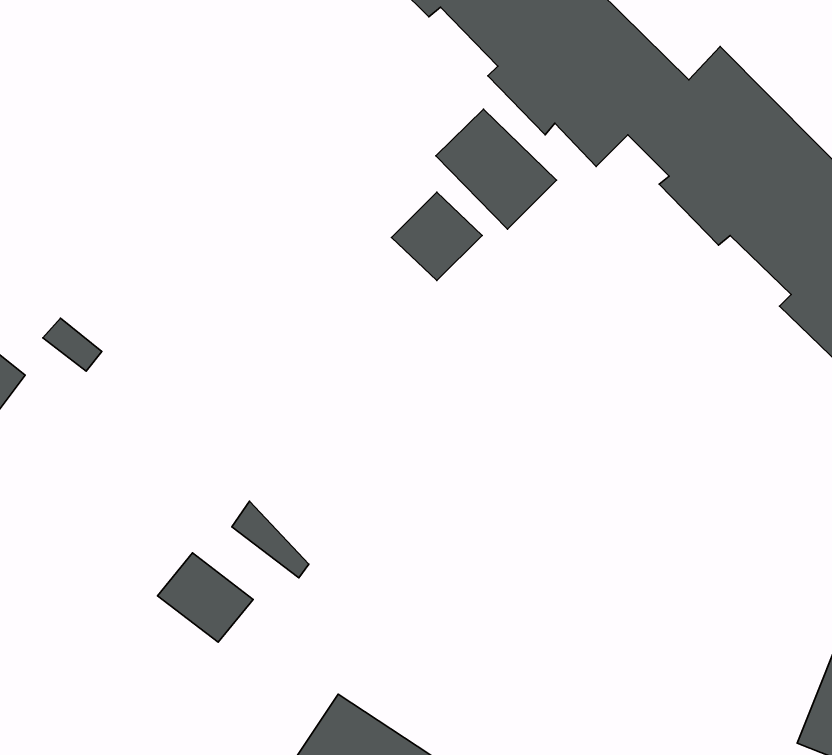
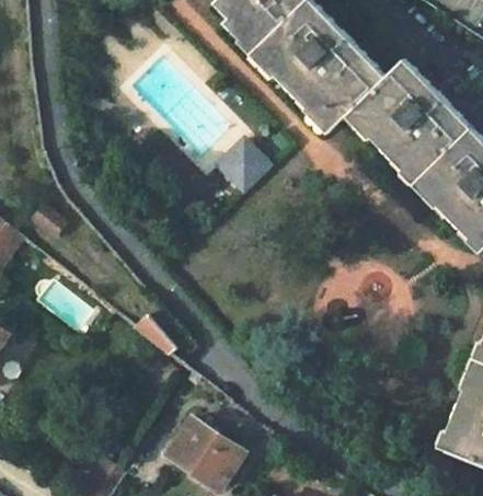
building: [436,109,557,229] -> none
building: [158,553,253,642] -> none

